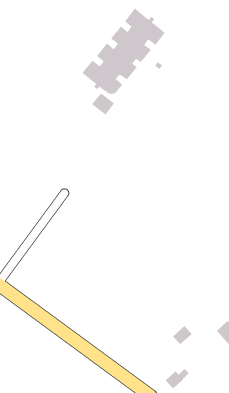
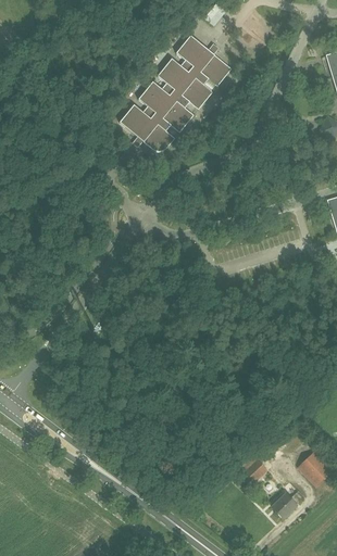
building: [91,92,115,115] -> none
building: [165,368,189,389] -> [272,490,304,518]

